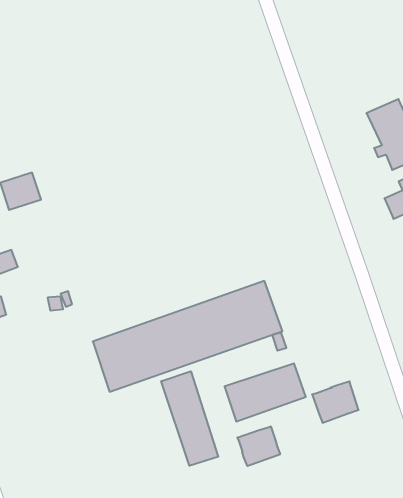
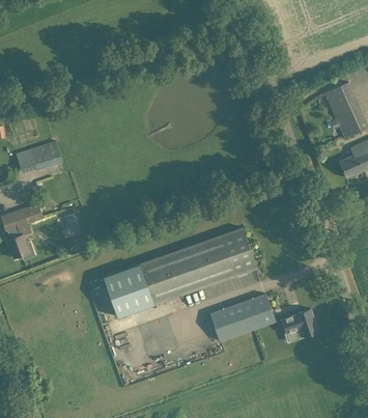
building: [161,371,218,466] -> none
building: [237,426,280,466] -> none

